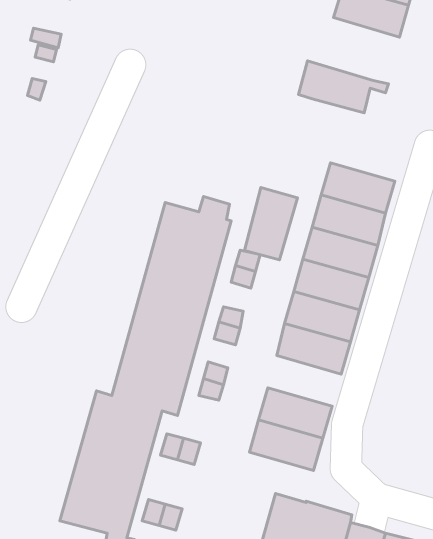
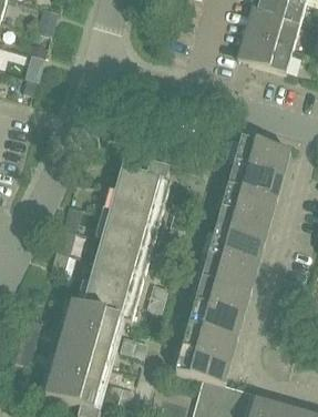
building: [298,61,389,113] -> [237,32,302,70]
building: [245,187,297,260] -> none
building: none -> [196,277,249,314]
building: none -> [176,347,229,384]

